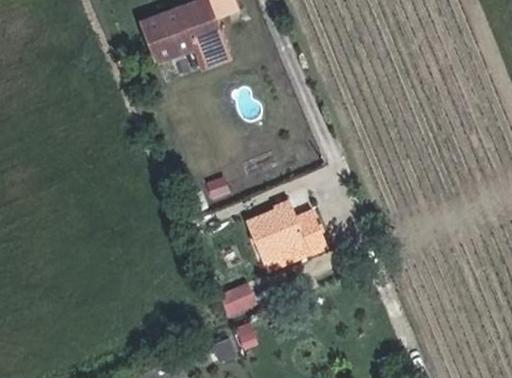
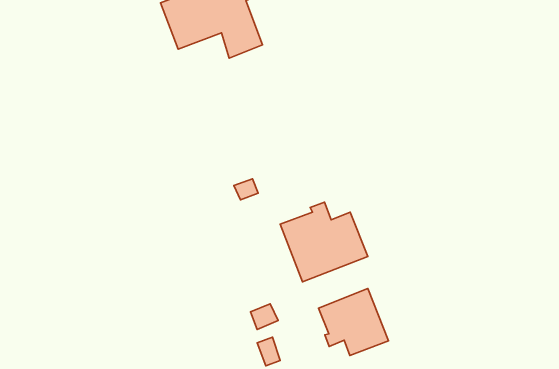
building: none -> [319,289,388,356]

